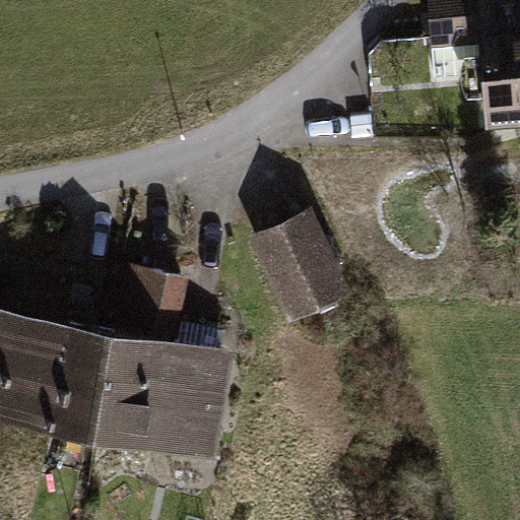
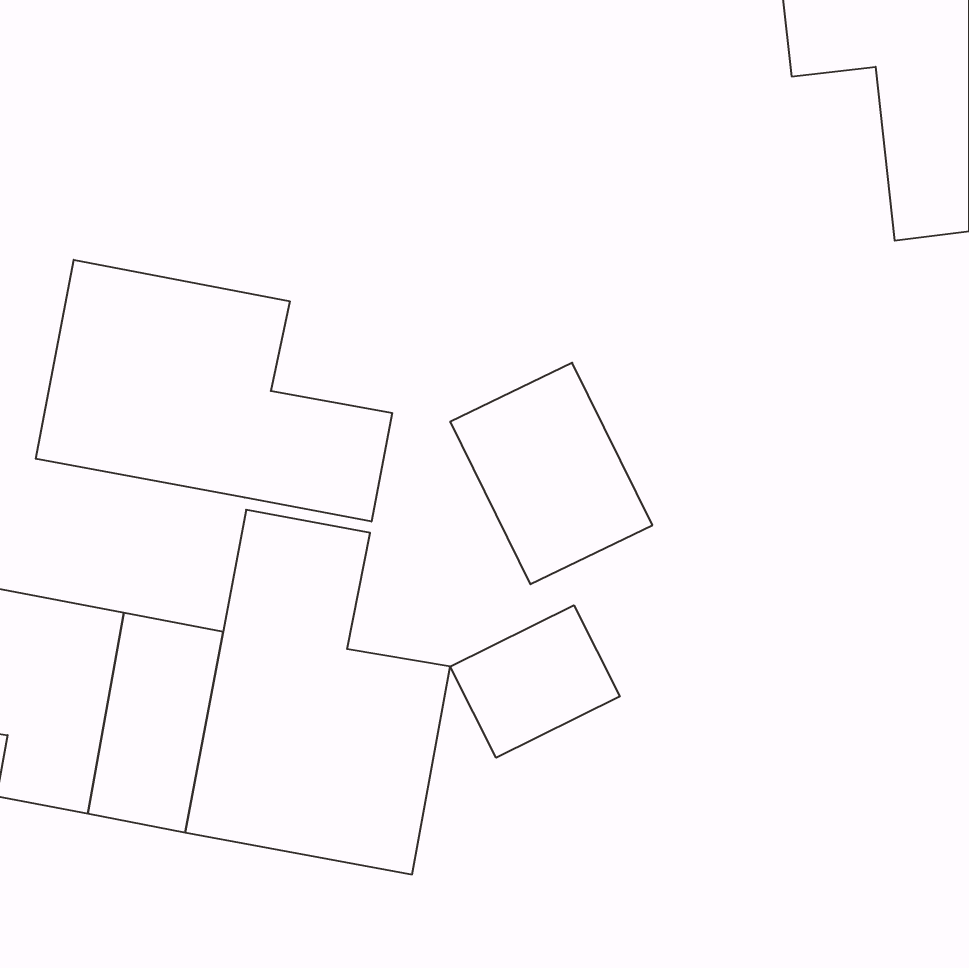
building: none -> [36,260,392,522]
building: none -> [450,605,620,758]

